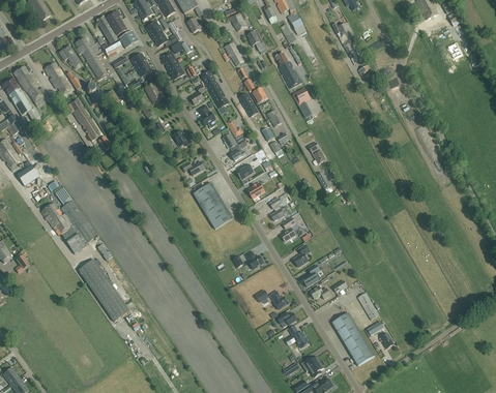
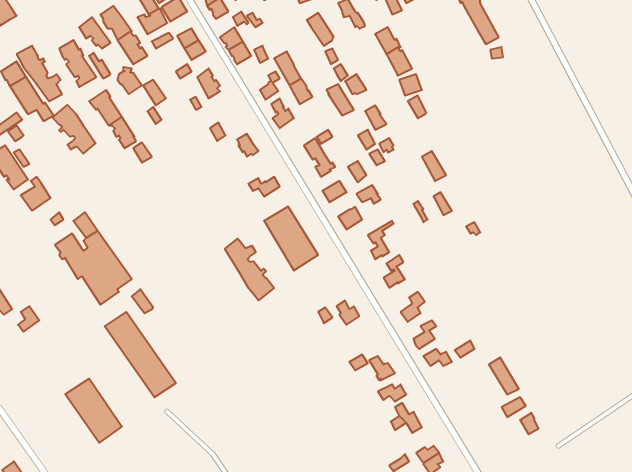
building: none -> [52,105,96,154]
building: none -> [225,239,274,300]
building: none -> [65,379,122,443]
building: [331,311,374,365] -> none

